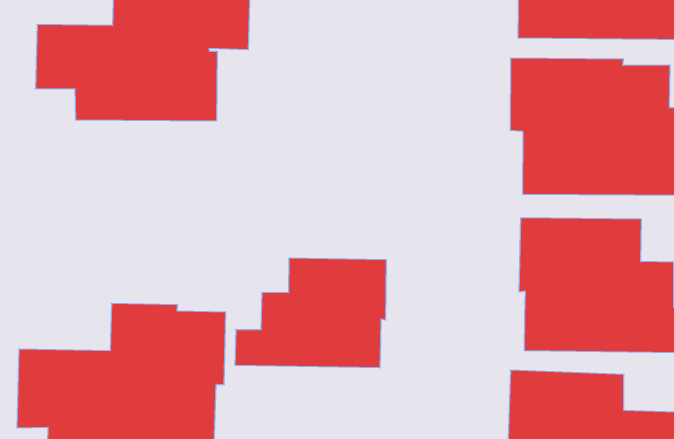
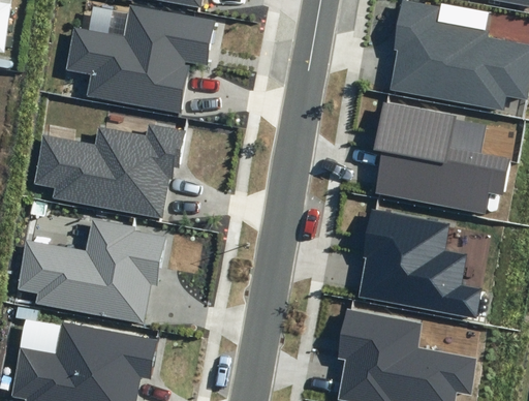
building: none -> [33,124,186,217]
building: [235,258,386,368] -> none

